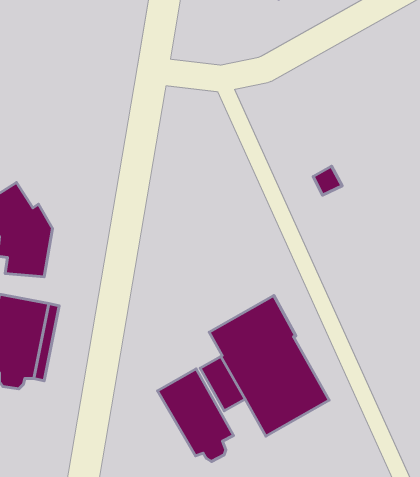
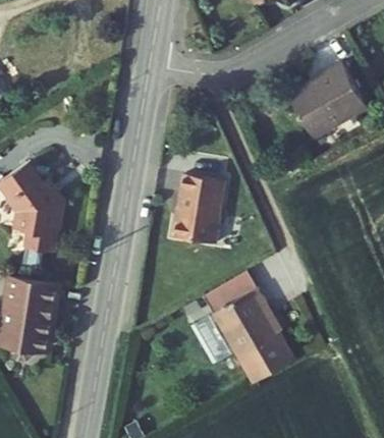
building: none -> [291,64,367,133]
building: none -> [182,176,231,241]
building: [158,369,233,461] -> none

